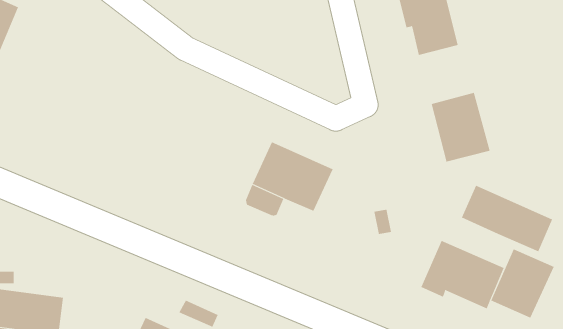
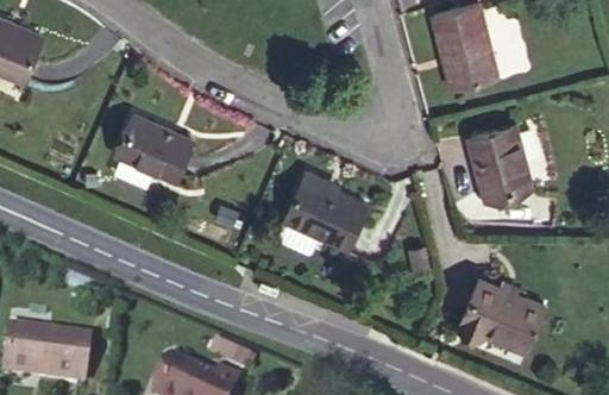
building: none -> [118,114,192,178]
building: [461,185,553,252] -> none
building: [491,248,554,319] -> none

